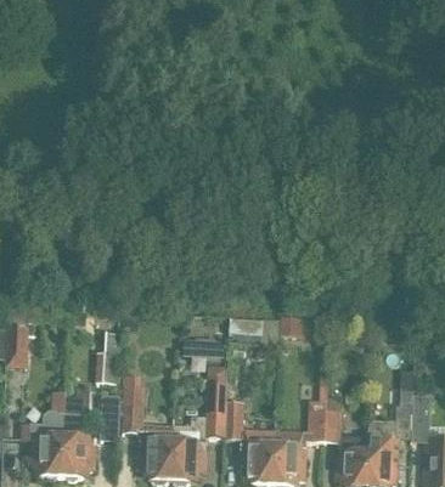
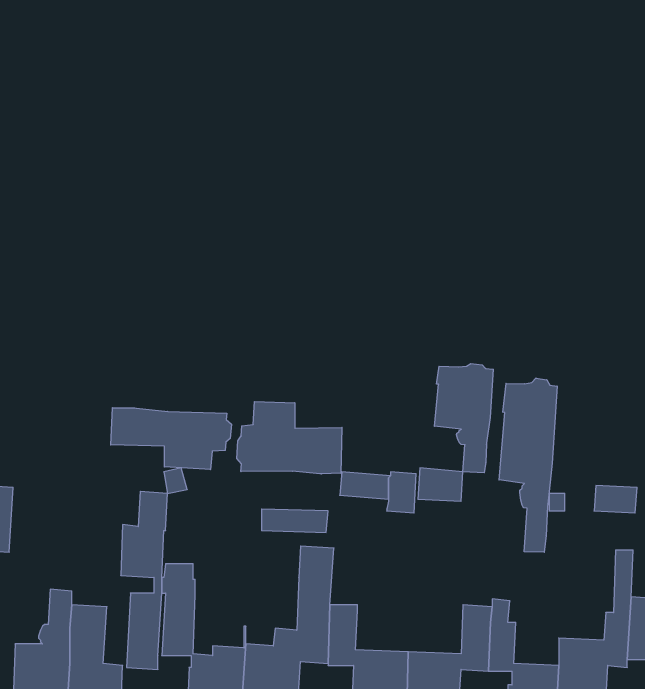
building: none -> [434,364,493,473]
building: none -> [499,378,557,552]
building: none -> [237,402,342,474]
building: none -> [111,408,231,470]

